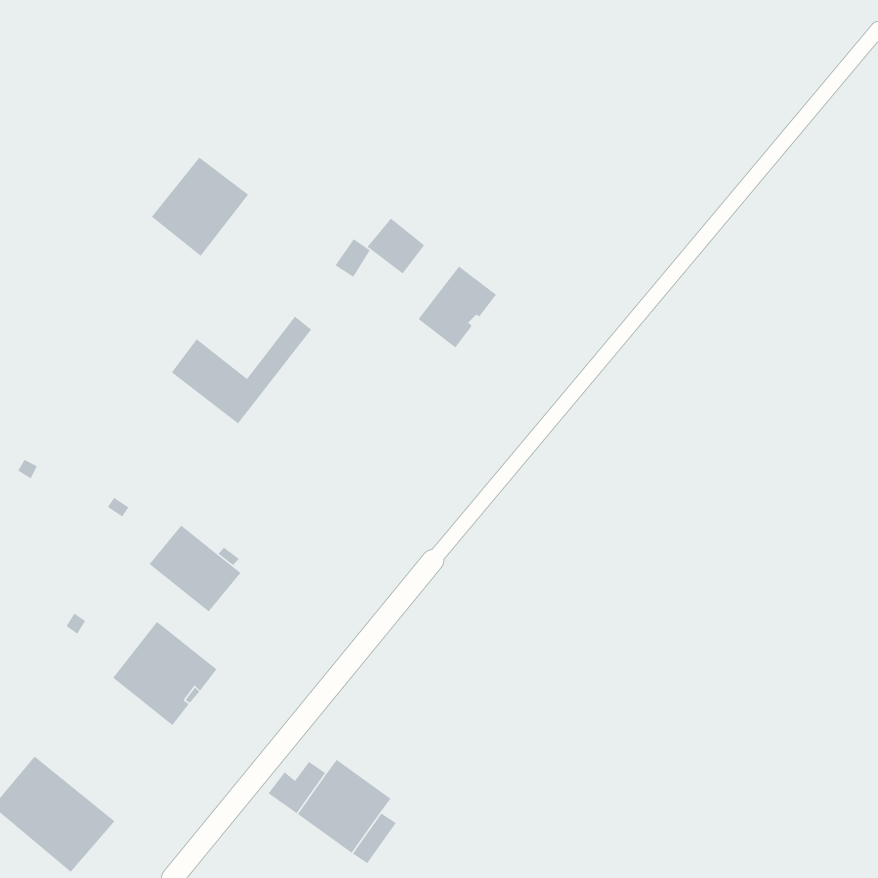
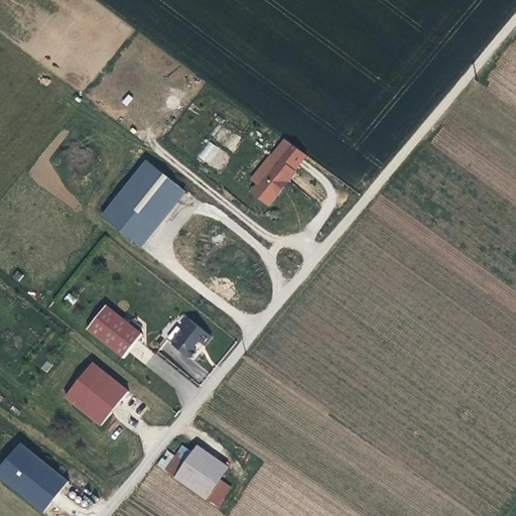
building: [151,157,249,257] -> [115,162,172,221]
building: [367,218,425,274] -> [268,138,302,171]
building: none -> [171,316,208,358]

